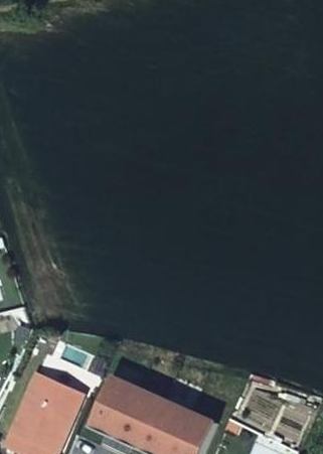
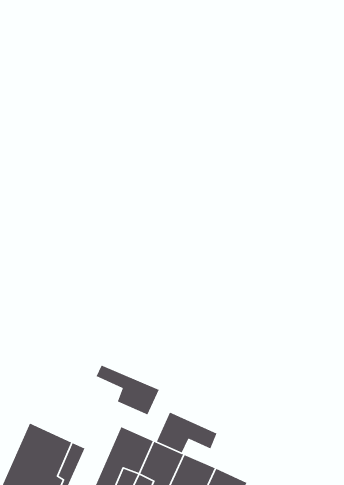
building: none -> [95,364,160,416]
building: none -> [156,411,217,453]

